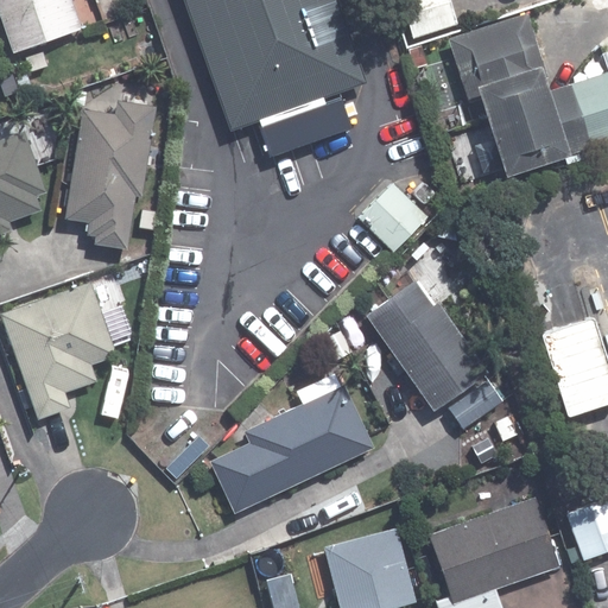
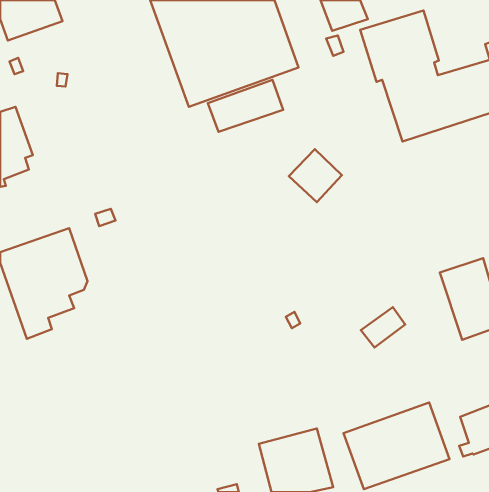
building: [66,89,156,248] -> none
building: [369,284,482,410] -> none
building: [209,384,373,513] -> none

